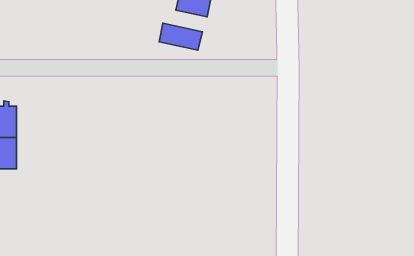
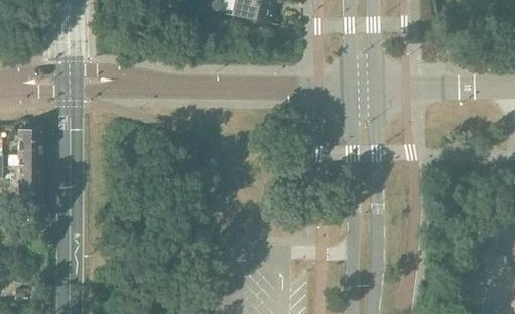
building: [159,23,202,50] -> none

